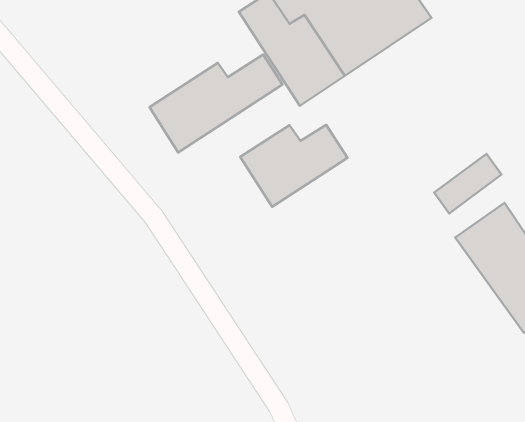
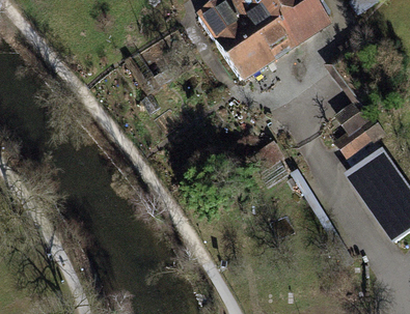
building: [149,55,283,153] -> none
building: [240,125,347,207] -> none

